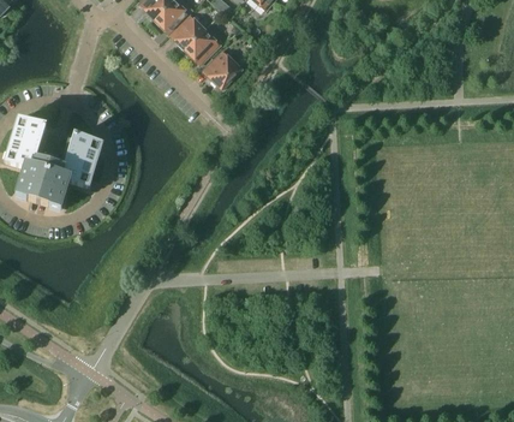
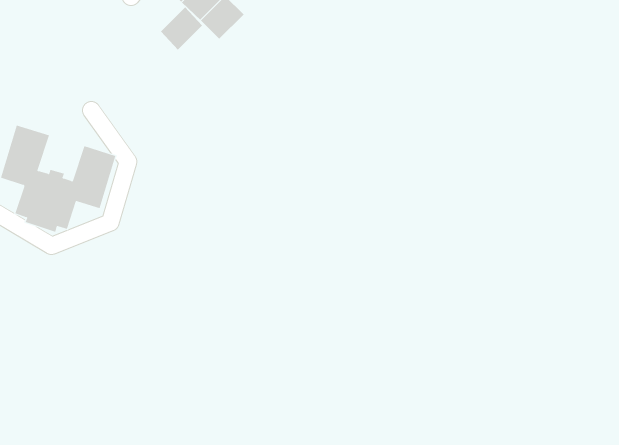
building: [184,29,219,65] -> [160,6,203,51]
building: [202,49,241,89] -> none

